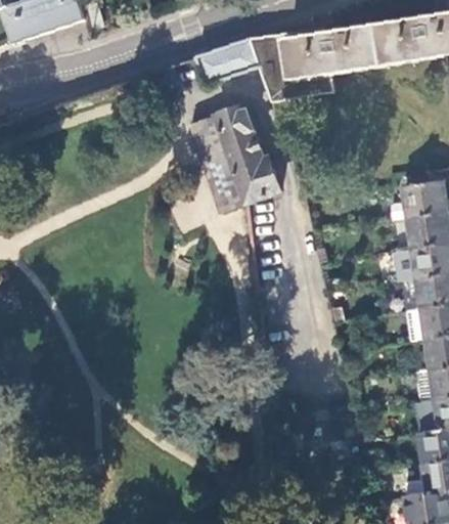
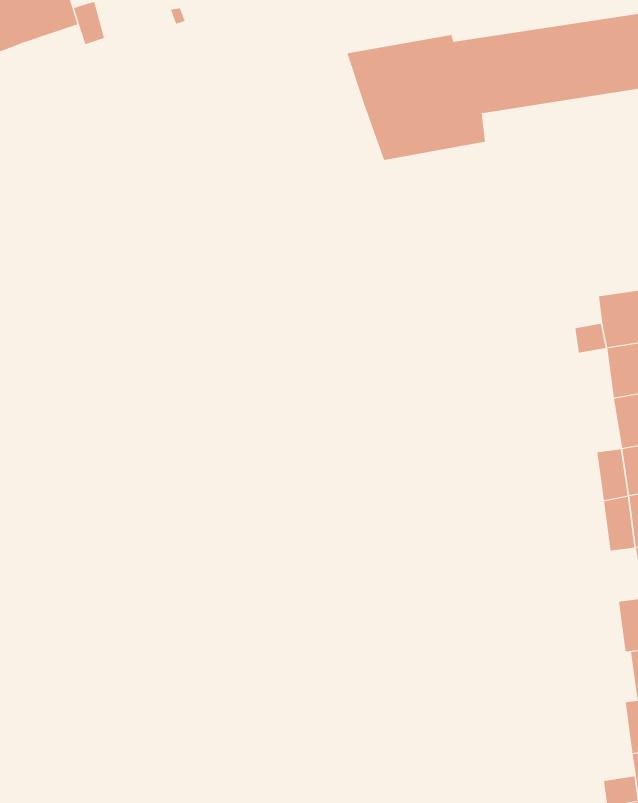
building: [197,37,261,85] -> none
building: [194,104,281,211] -> none

